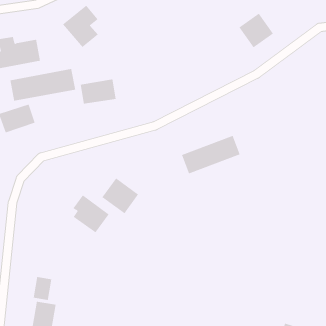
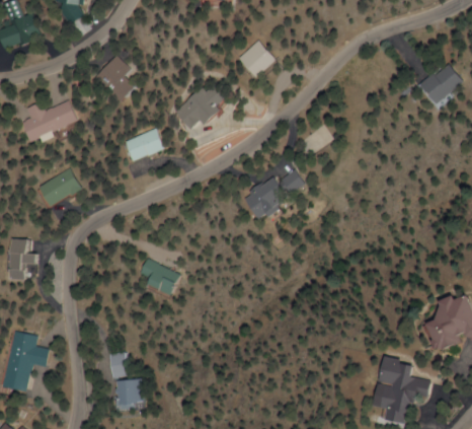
building: [239,13,274,48] -> [238,41,277,79]
building: none -> [171,82,227,130]
building: [10,68,76,101] -> none
building: [102,177,139,214] -> none

